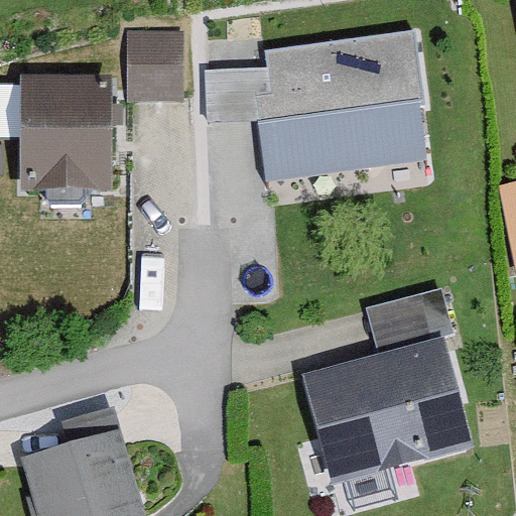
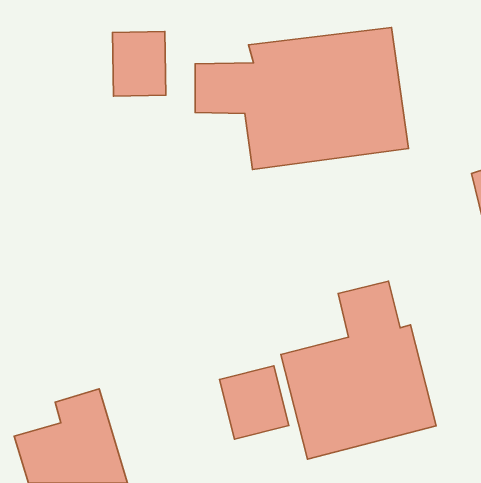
building: [16,78,112,187] -> none
building: none -> [219,366,289,439]

